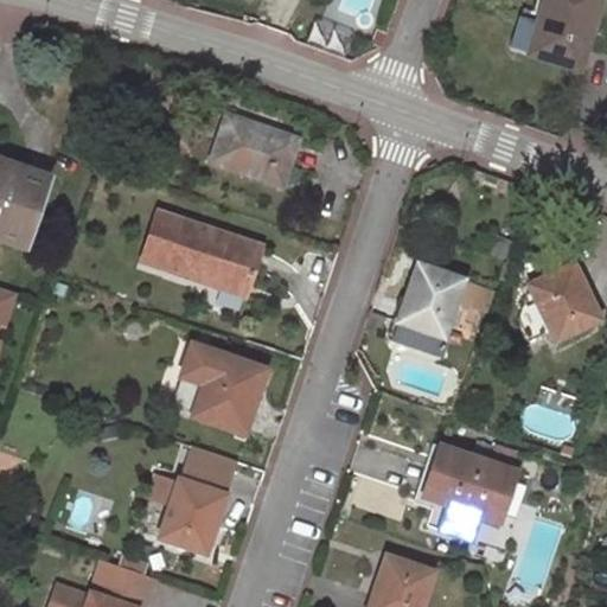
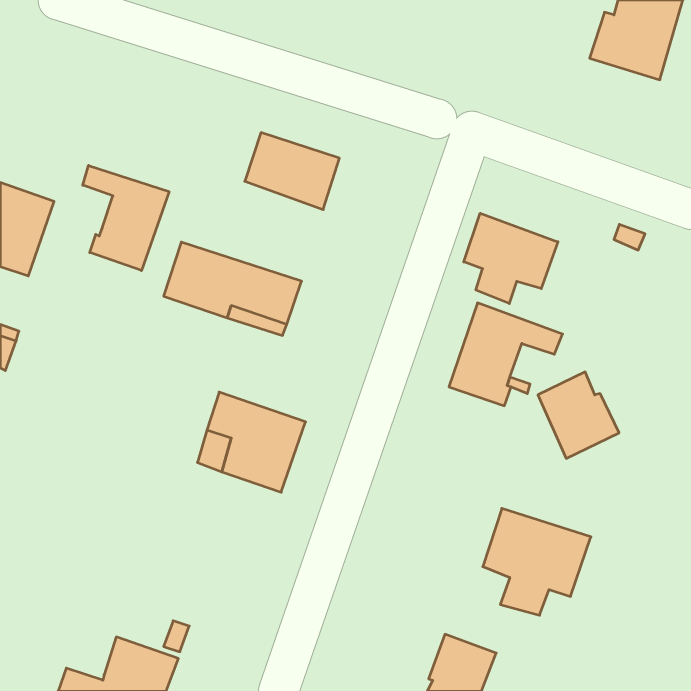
building: none -> [83,165,169,271]
building: none -> [464,213,558,304]
building: [530,264,601,340] -> [538,372,619,458]
building: [161,443,239,552] -> none

